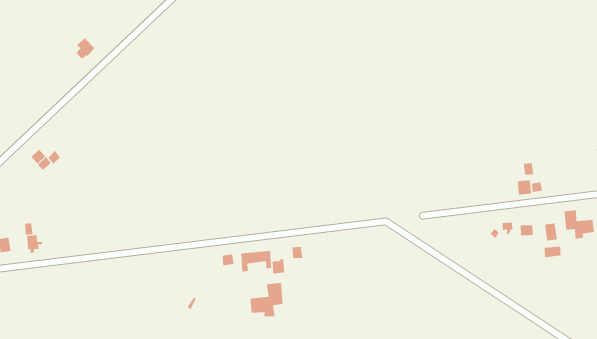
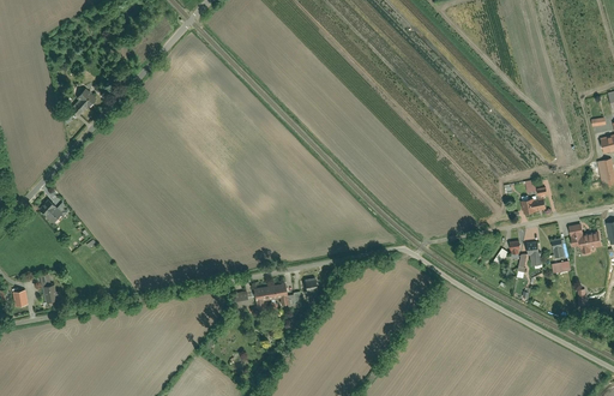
building: [249,282,284,317] -> none

